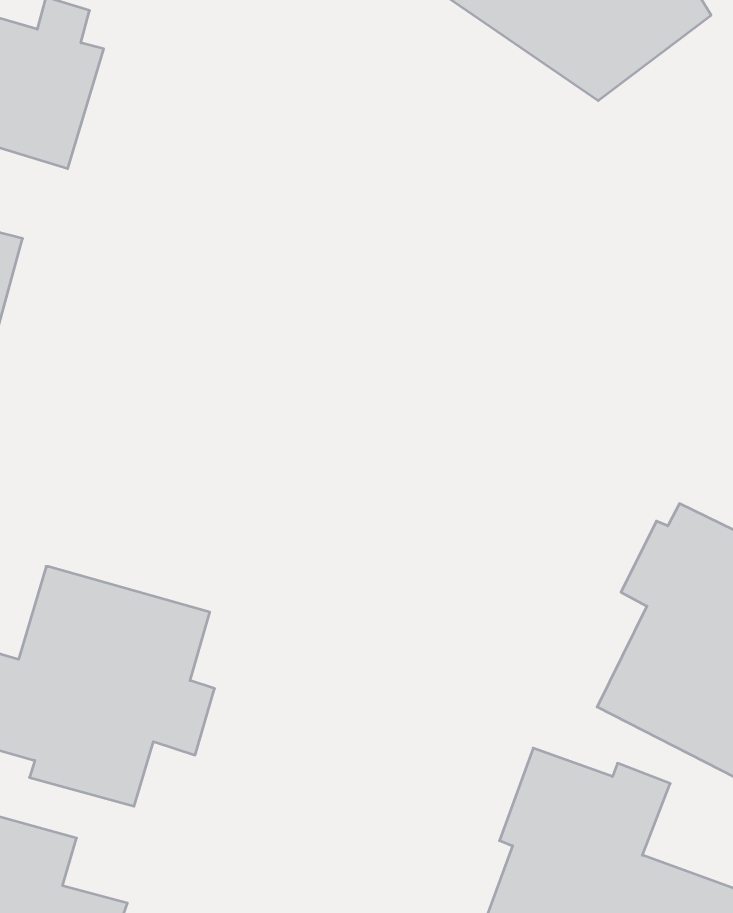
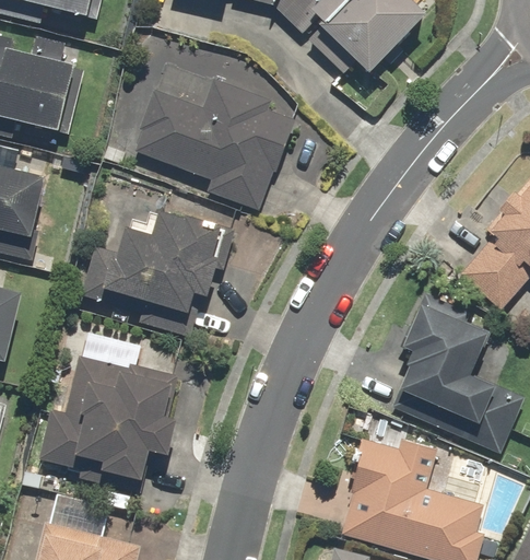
building: none -> [133,78,294,207]
building: none -> [79,208,223,335]

